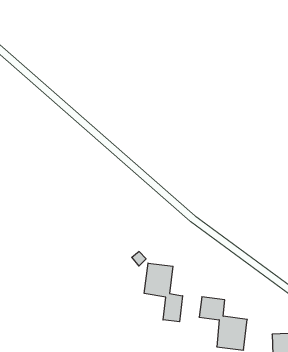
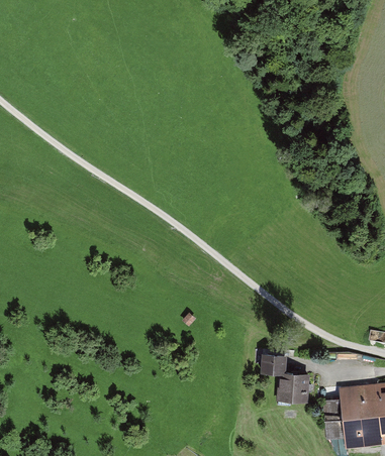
building: [144,263,183,322] -> none

